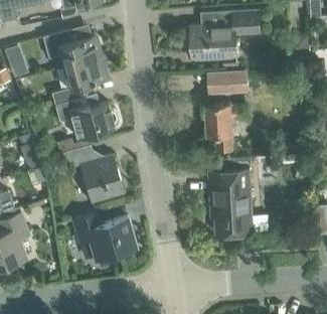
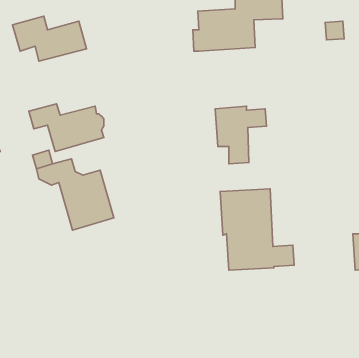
building: [51,56,108,107] -> none
building: [207,70,248,94] -> none
building: [72,213,136,260] -> none

